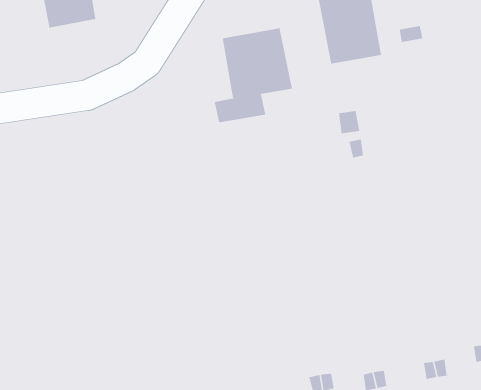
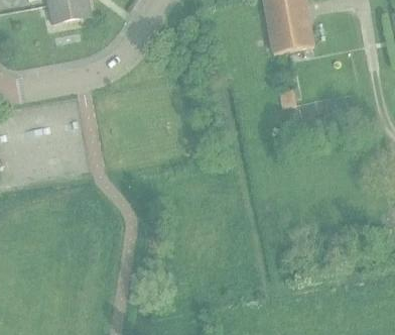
building: [214,28,293,123] -> none

